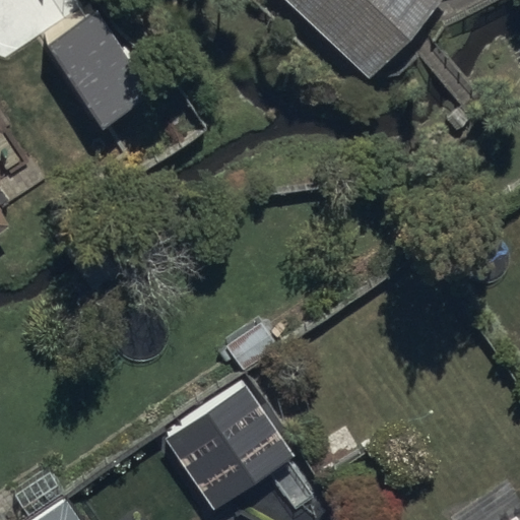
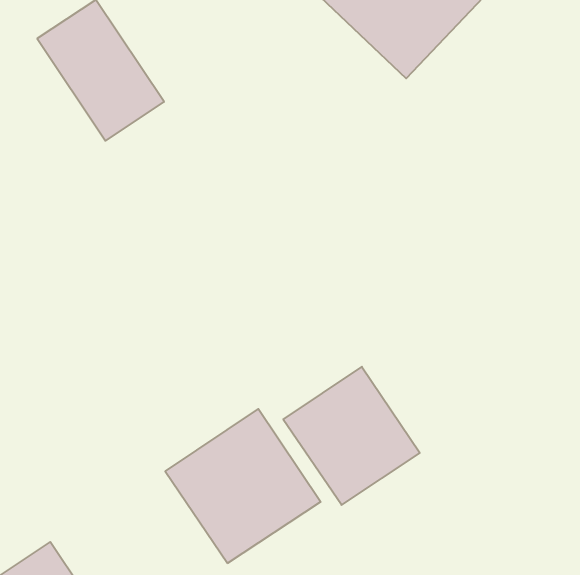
building: none -> [283,367,420,505]

